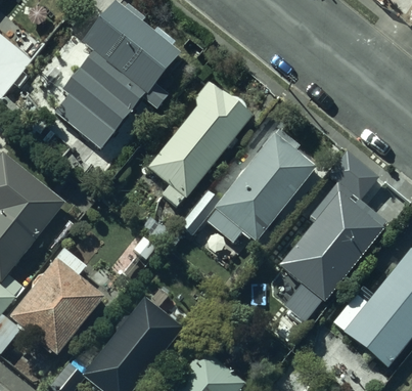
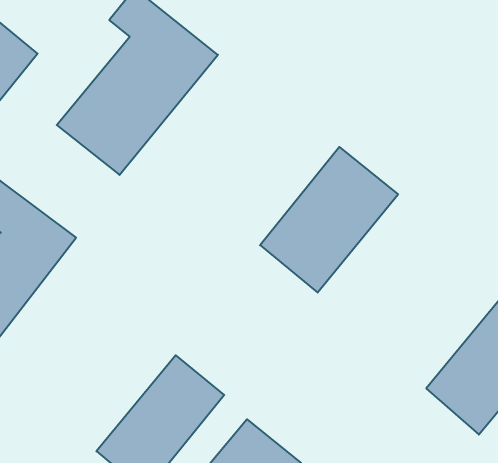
building: [140,84,250,202] -> none
building: [279,193,385,305] -> none
building: [7,262,101,357] -> none

